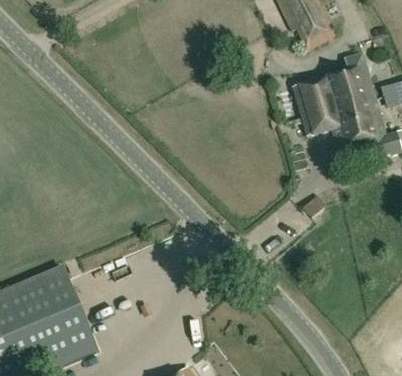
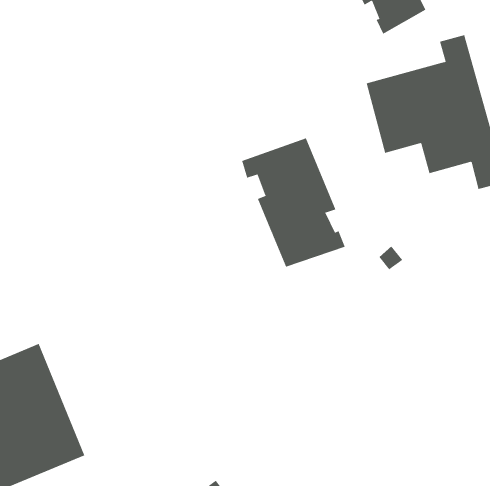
building: none -> [242,137,346,268]

